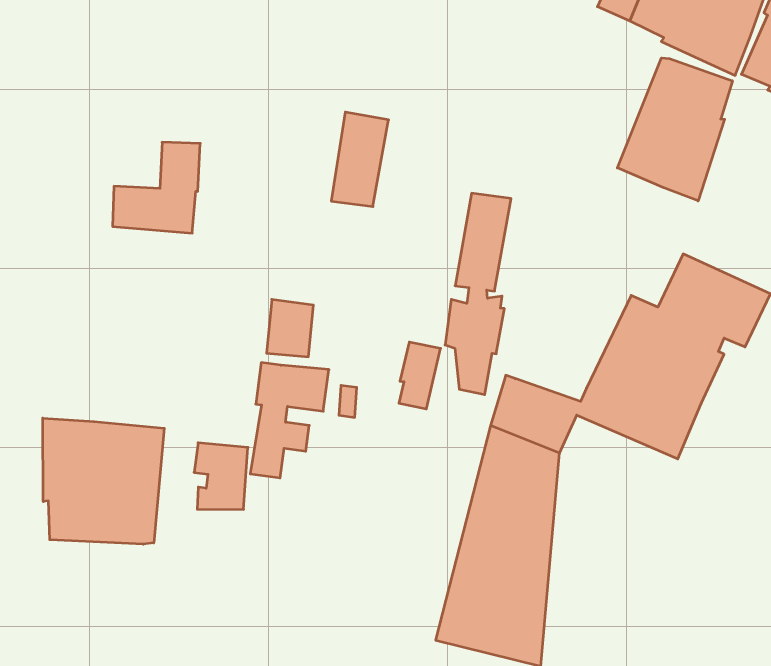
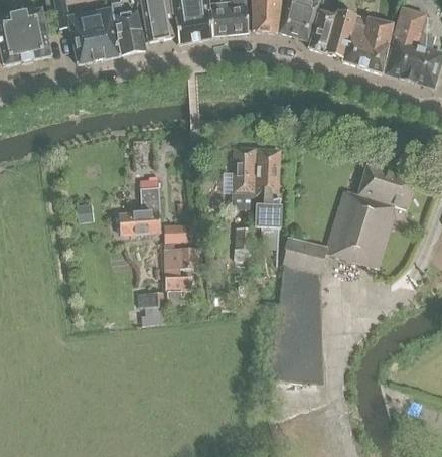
building: [617,58,732,201] -> none
building: [331,112,389,207] -> [232,147,255,192]
building: [113,142,200,233] -> [117,186,159,234]
building: [43,418,164,544] -> none

